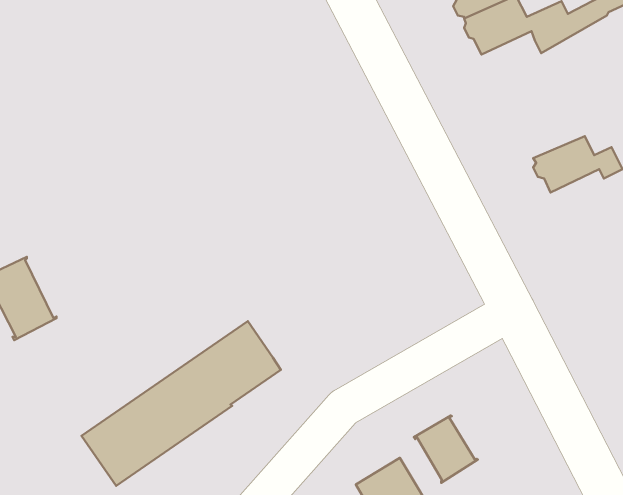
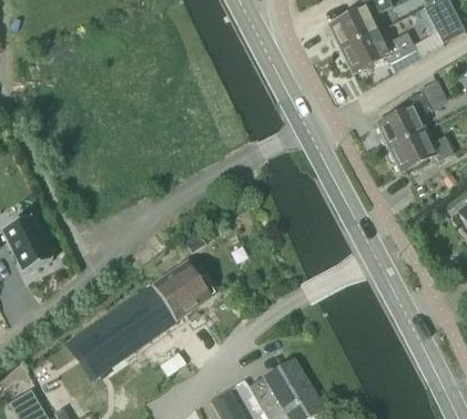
building: none -> [378,80,447,145]
building: [414,415,478,483] -> none

